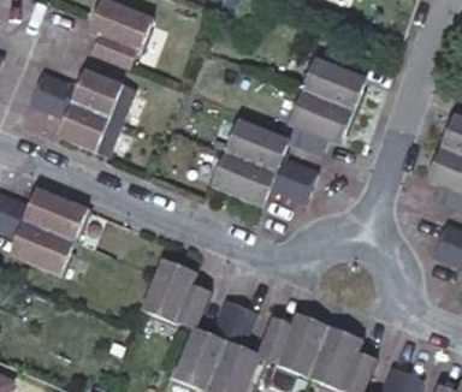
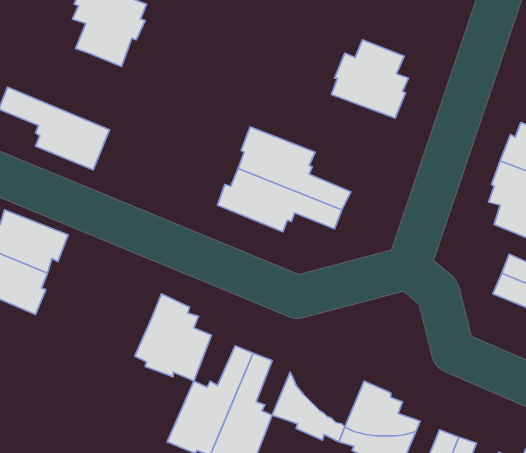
building: [38,73,134,123] -> none
building: [288,94,354,155] -> none
building: [271,319,328,364] -> none

